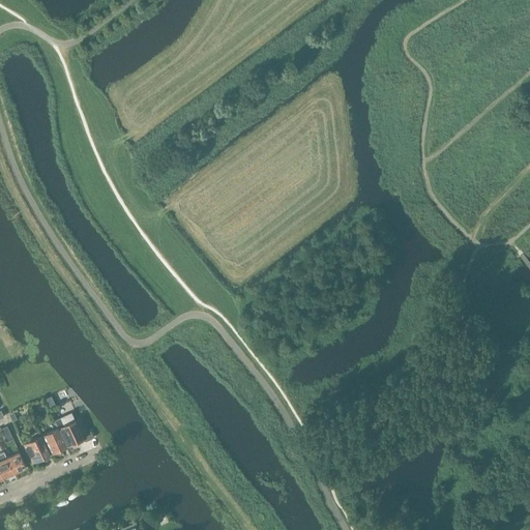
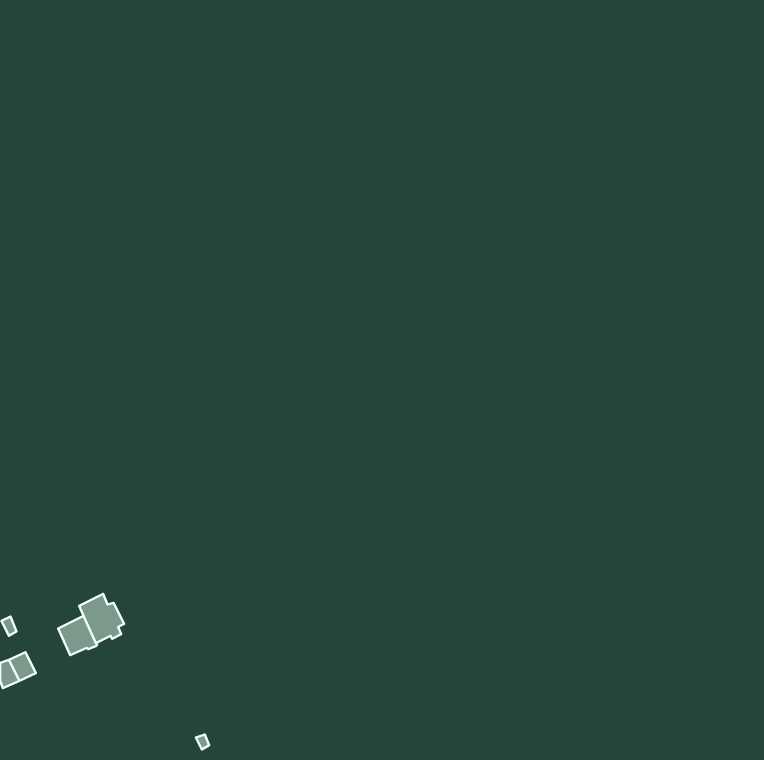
building: [23,438,50,464] -> none

